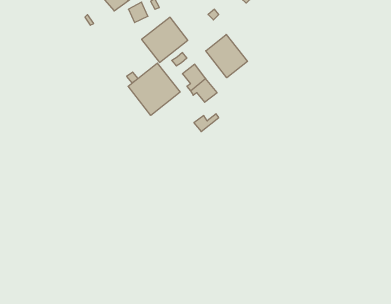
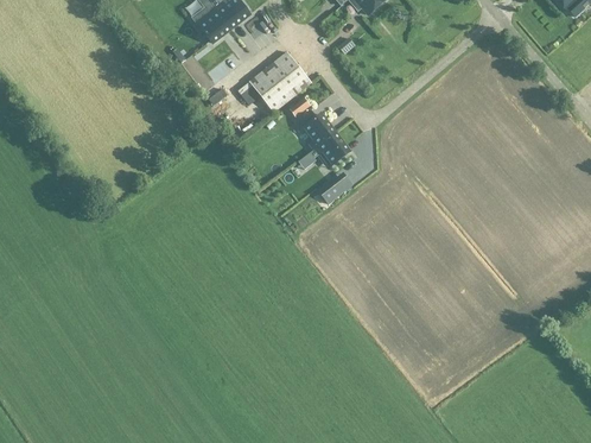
building: [206,34,247,78] -> none
building: [128,63,180,115] -> none

